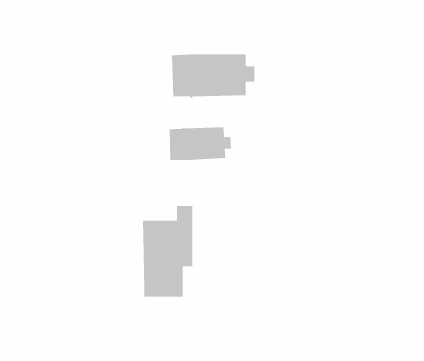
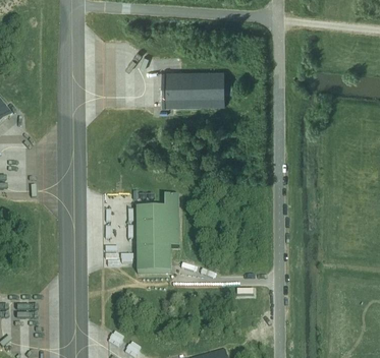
building: [169,127,232,161] -> none

